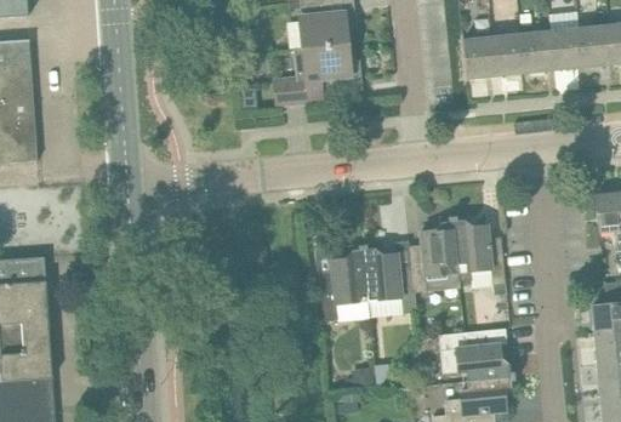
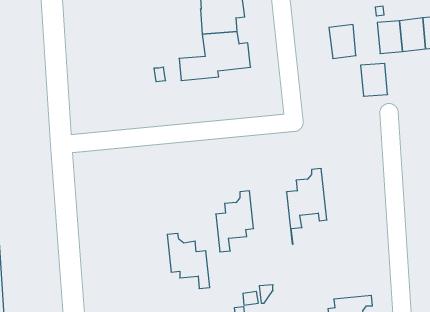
building: [491,34,525,75] -> [361,63,388,96]
building: [451,215,505,285] -> none
building: [361,244,415,313] -> [167,233,210,289]
building: [438,330,514,381] -> none

